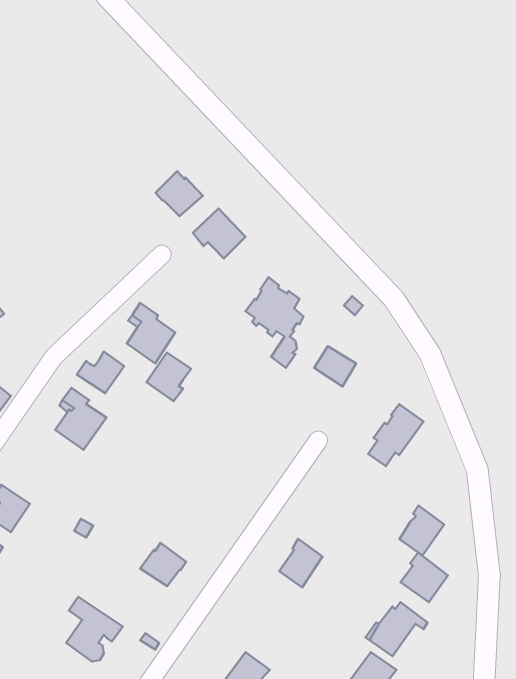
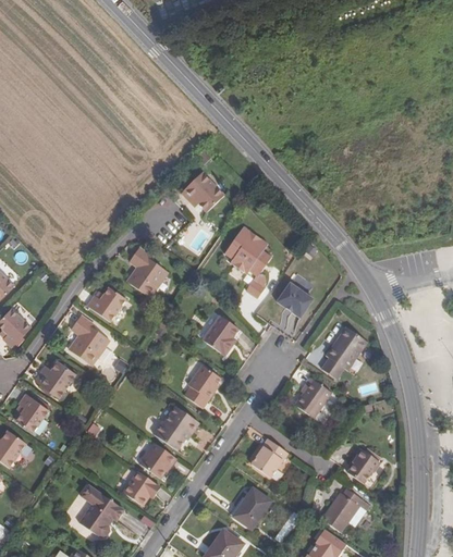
building: [155,171,203,216] -> none
building: [147,353,191,401] -> [201,314,237,354]
building: none -> [37,360,77,396]
building: none -> [183,363,219,407]
building: none -> [152,404,197,448]
building: [400,506,444,555] -> [295,377,331,418]
building: none -> [123,468,161,503]
building: none -> [233,487,271,528]

